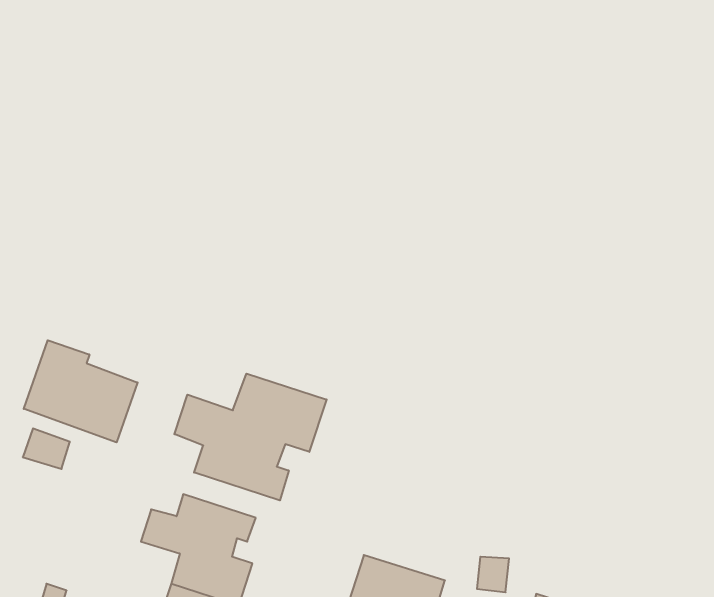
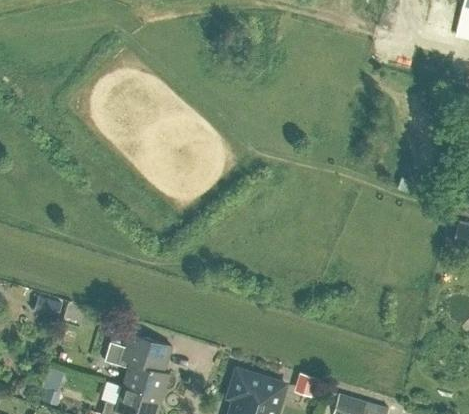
building: [24,340,138,442] -> none
building: [174,374,327,500] -> none

